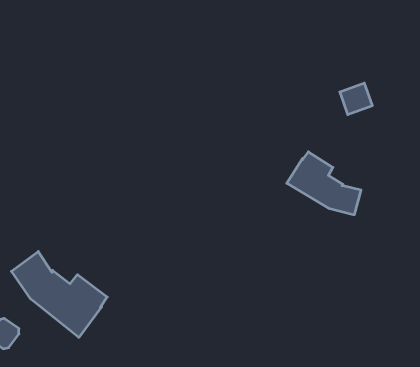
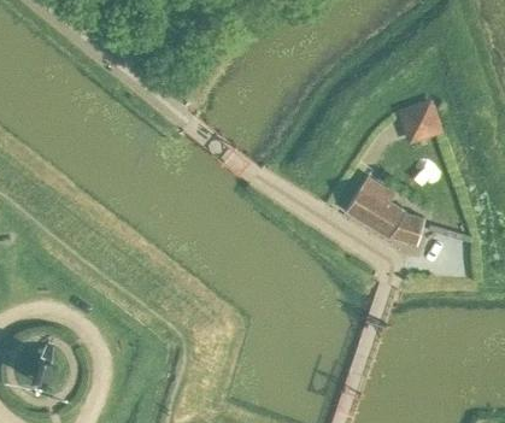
building: [11,251,107,337] -> none

